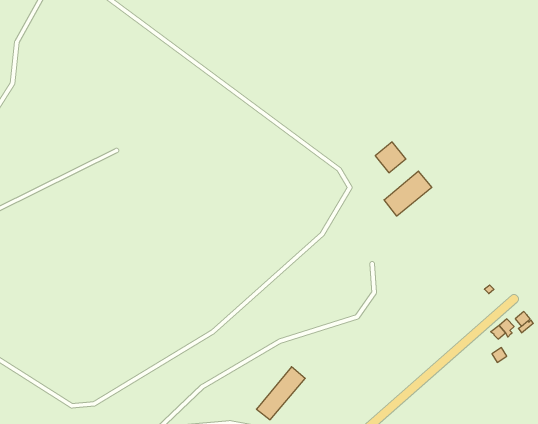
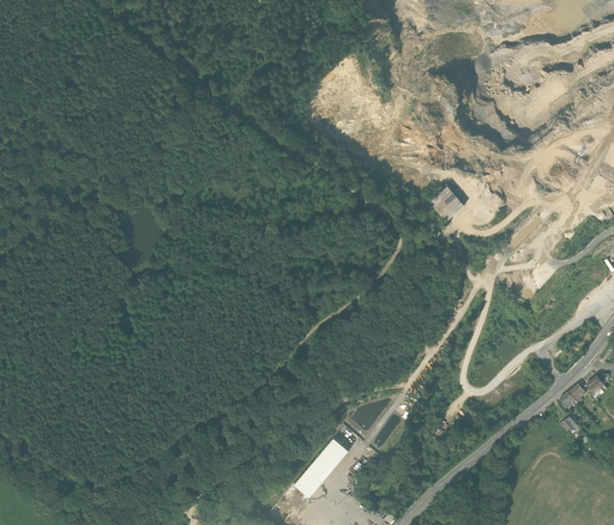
building: [384,171,432,216] -> none

